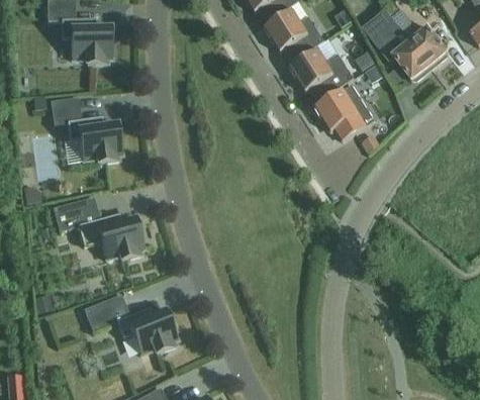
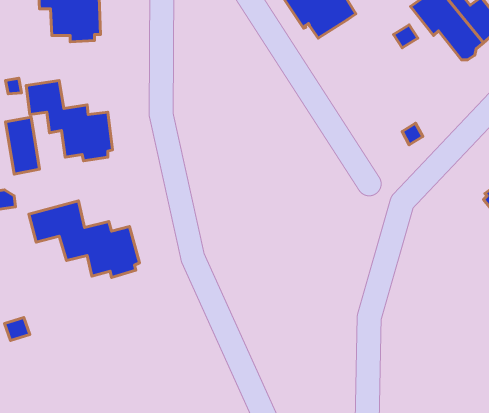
building: [290,48,354,100] -> none
building: [315,84,376,140] -> none
building: [83,293,178,354] -> none

